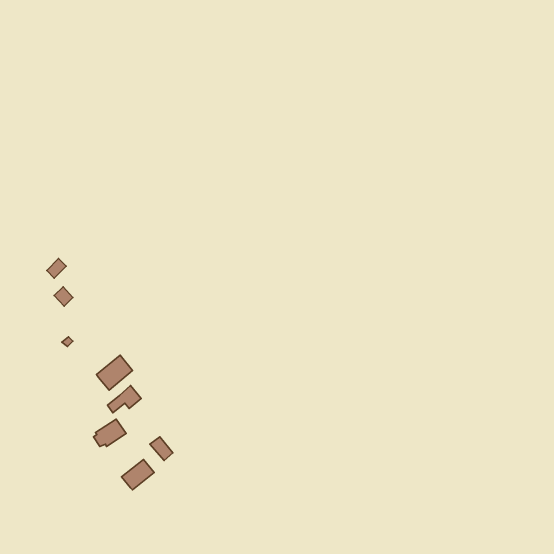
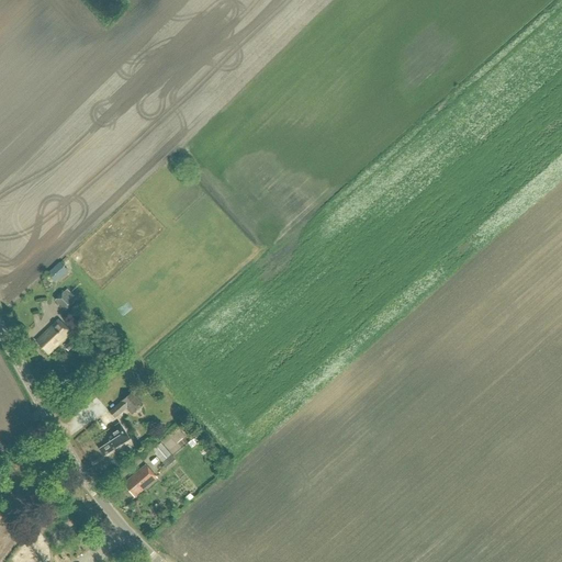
building: none -> [37,318,72,353]
building: [97,355,133,390] -> none

